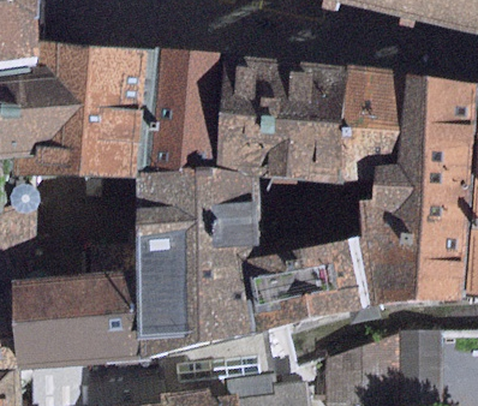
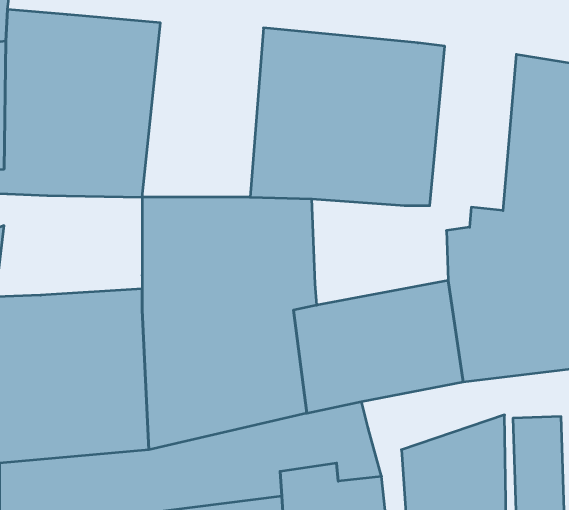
building: [135,50,222,177] -> none
building: [342,67,405,186] -> none

